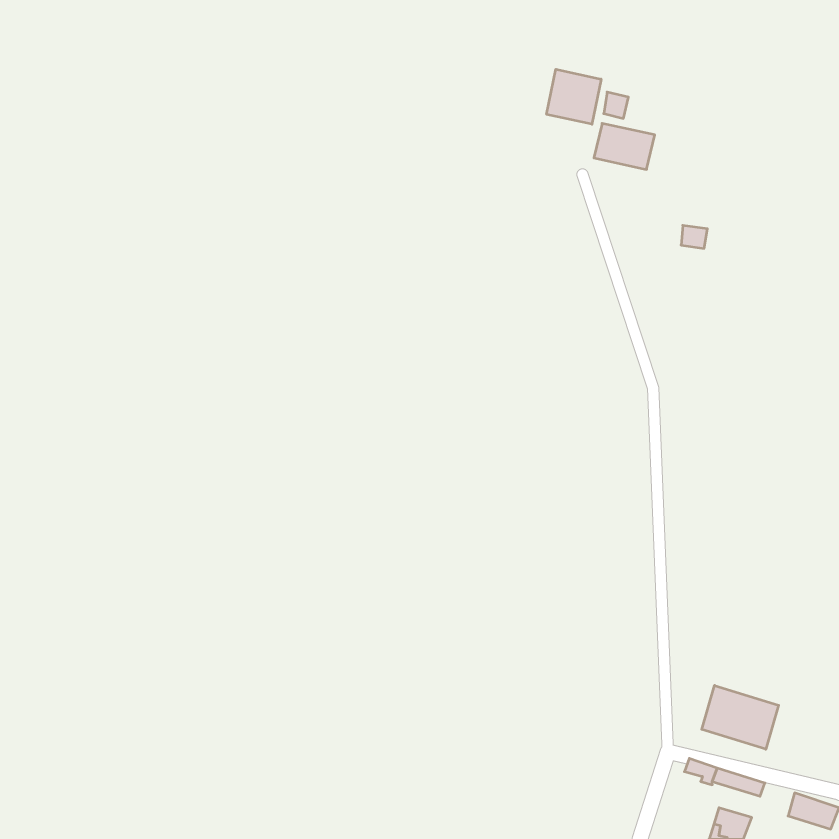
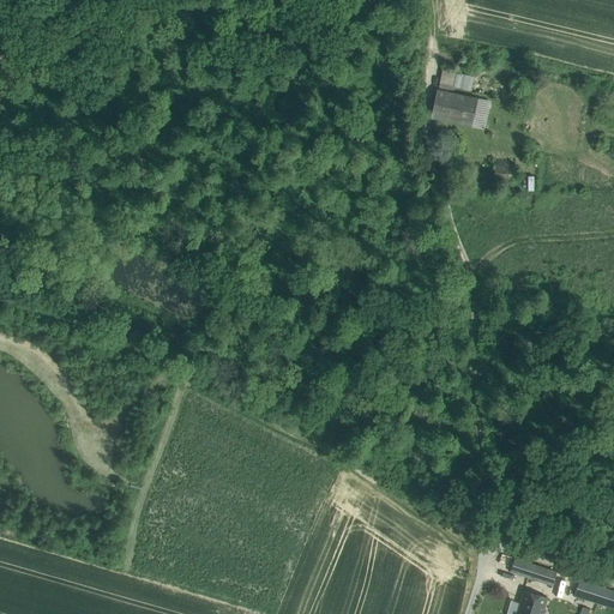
building: [547,69,601,124] -> none
building: [702,685,779,749] -> none

